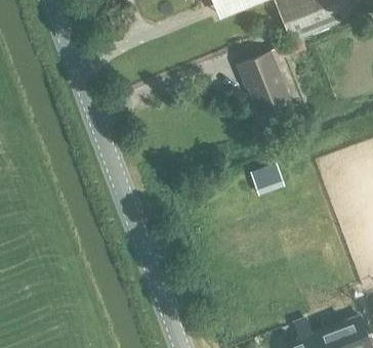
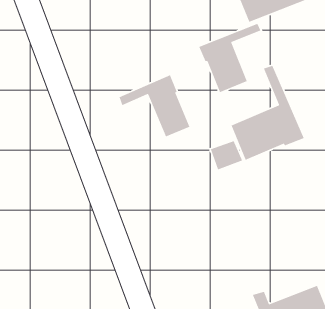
building: none -> [230,65,305,161]
building: none -> [119,74,191,138]

